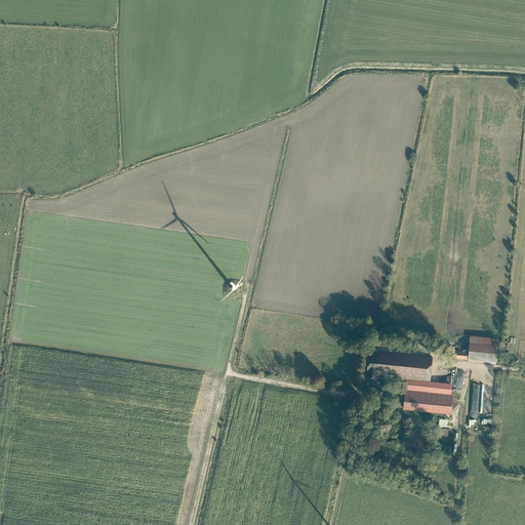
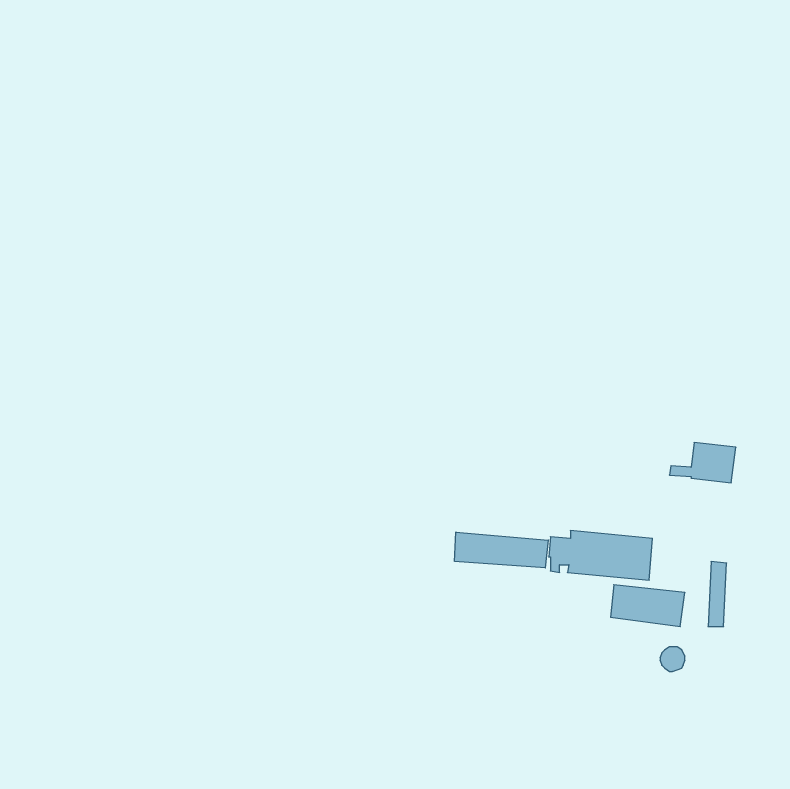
building: [452,335,496,362] -> [669,443,736,483]
building: none -> [455,532,548,568]

